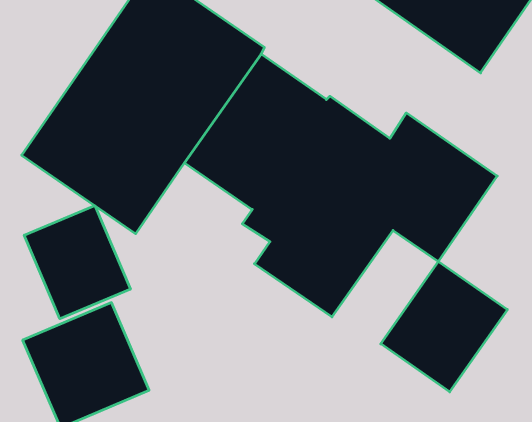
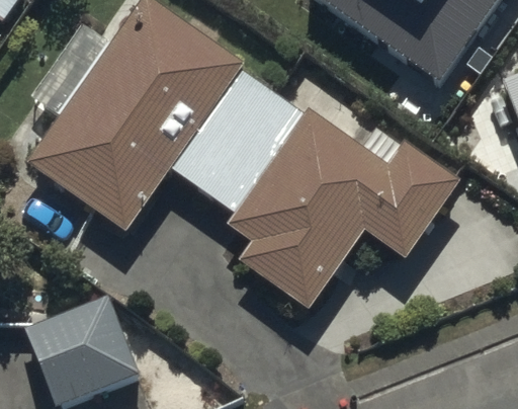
building: [24,206,130,319] -> none
building: [381,262,507,392] -> none

